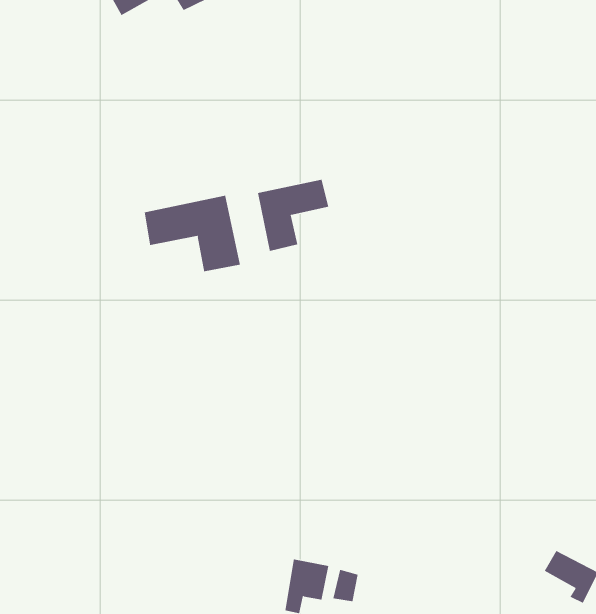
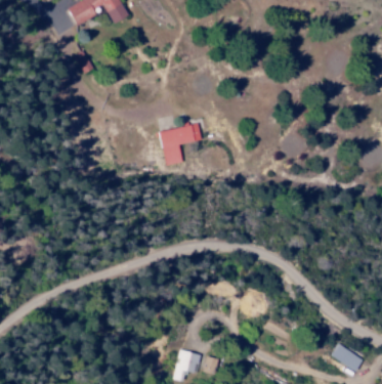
building: [144,195,241,272] -> none

